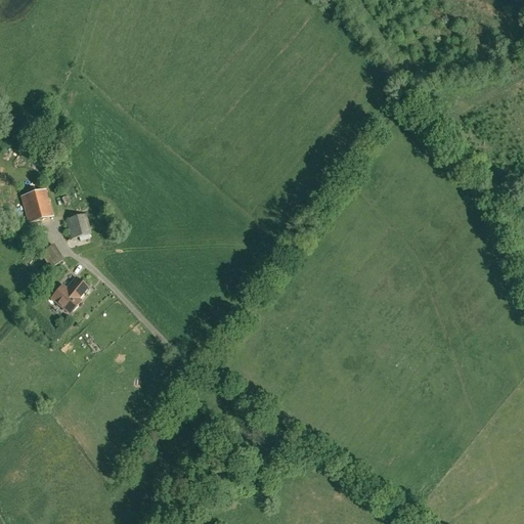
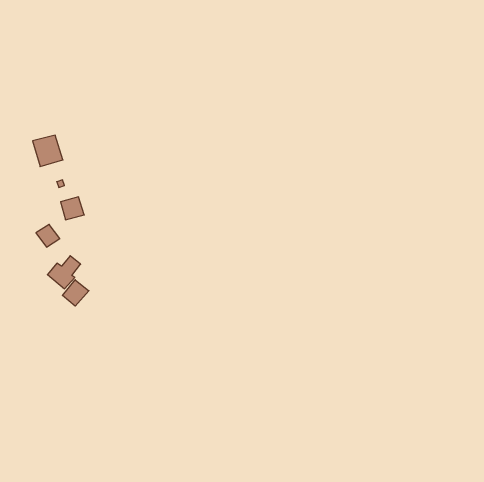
building: [20,188,53,222] -> [33,135,63,167]
building: none -> [62,280,89,306]

